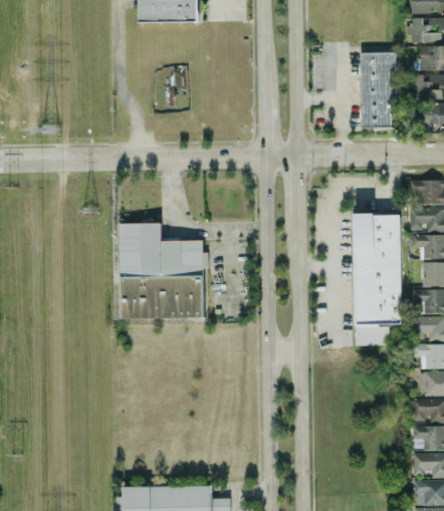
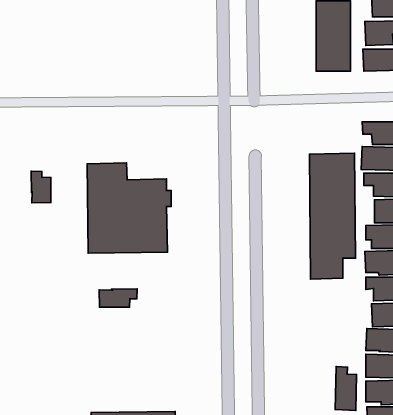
building: none -> [31,171,51,203]
building: none -> [99,289,137,307]
building: none -> [335,367,357,411]

